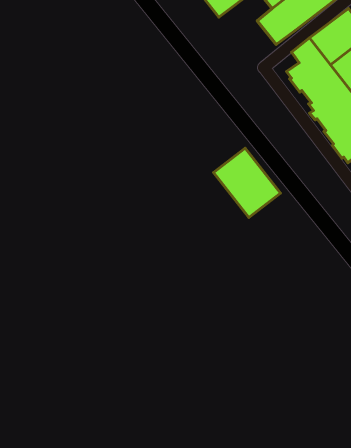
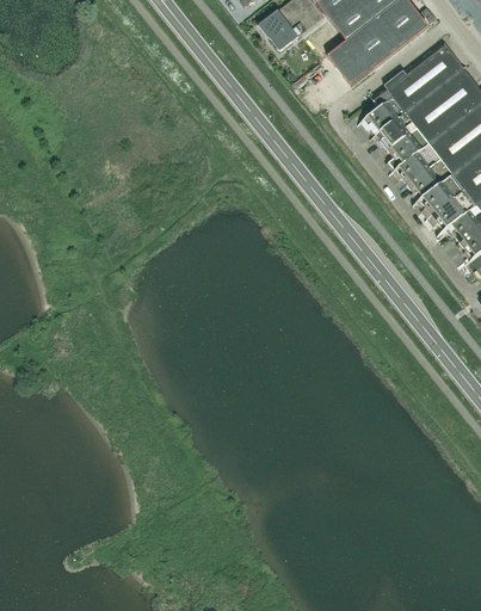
building: [214,148,280,218] -> none

